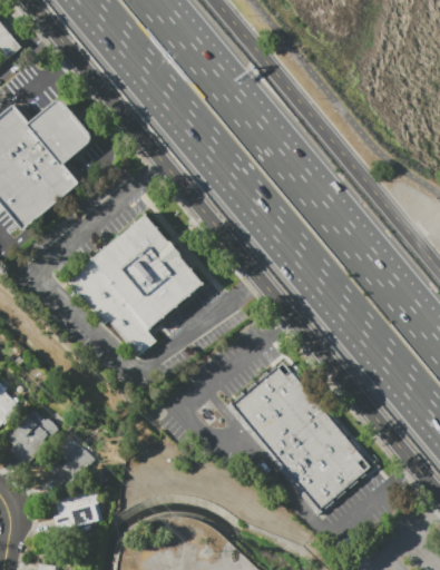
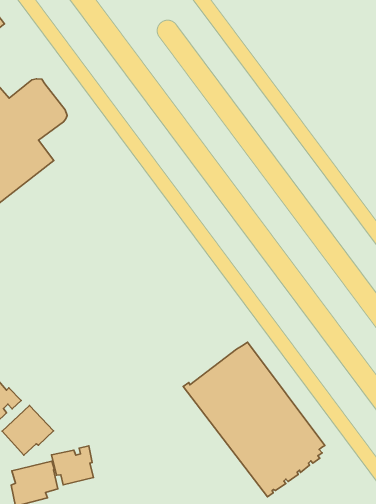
building: [68,213,204,355] -> none
building: none -> [51,446,93,485]

